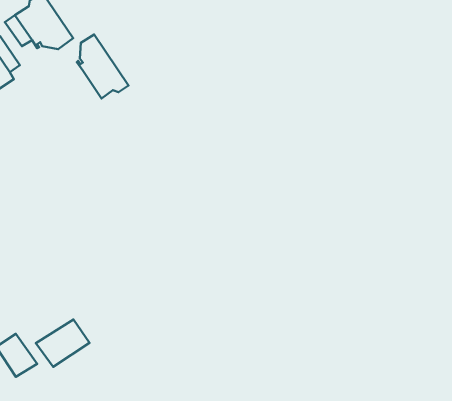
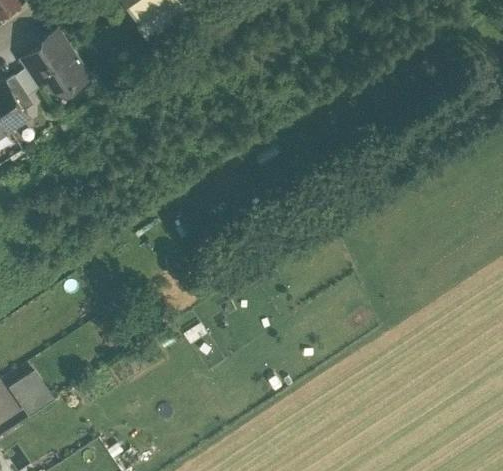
building: [77,35,129,98] -> none
building: [36,319,89,367] -> none

